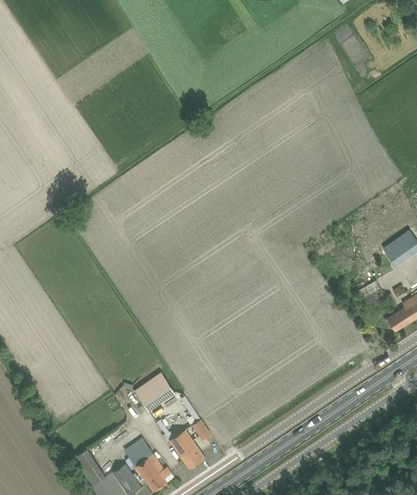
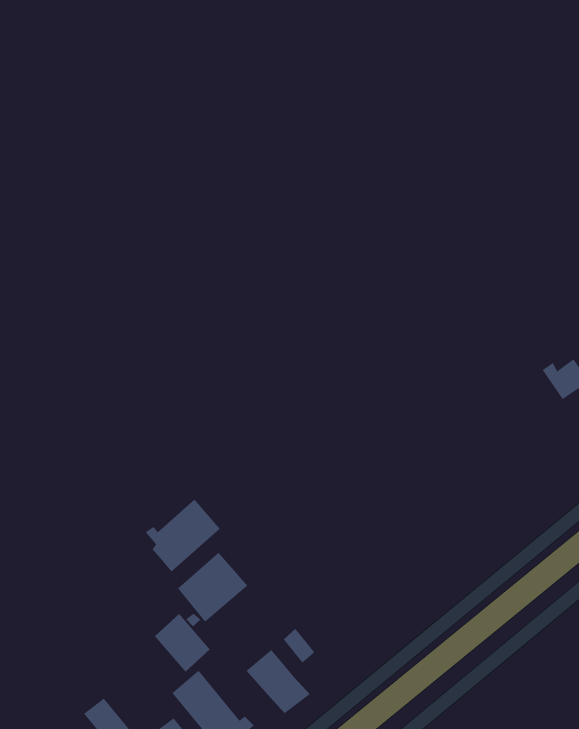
building: none -> [145,499,220,572]
building: none -> [154,613,211,672]

